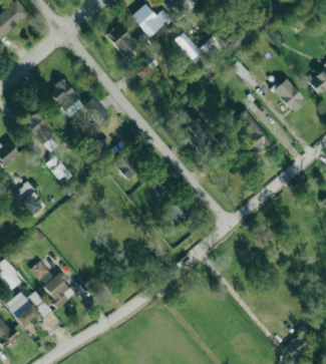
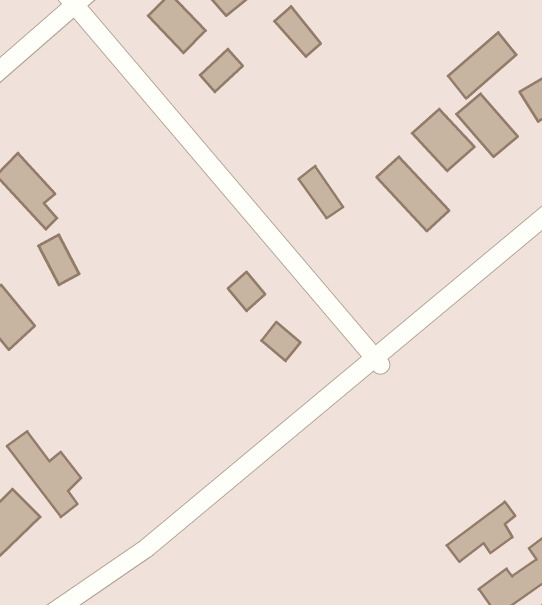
building: none -> [448,32,516,98]
building: [49,80,107,127] -> none
building: none -> [412,109,474,171]
building: [113,151,141,179] -> none
building: none -> [447,502,515,562]

